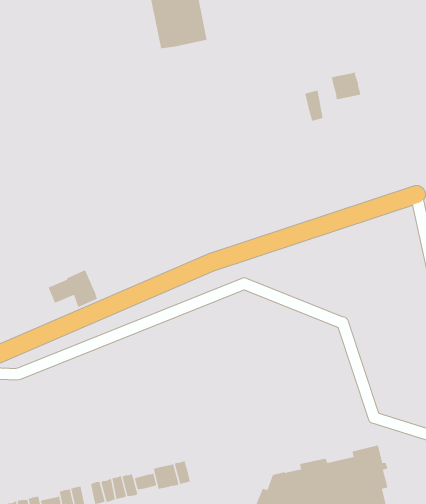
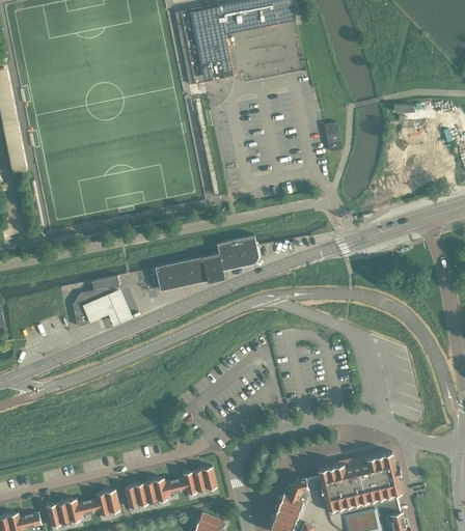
building: [331,72,361,100] -> none
building: none -> [156,236,258,291]
building: none -> [74,277,120,327]

